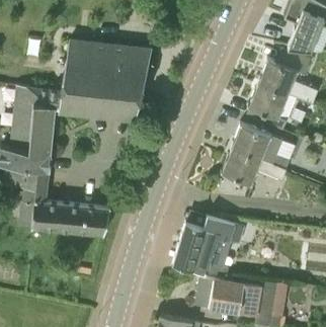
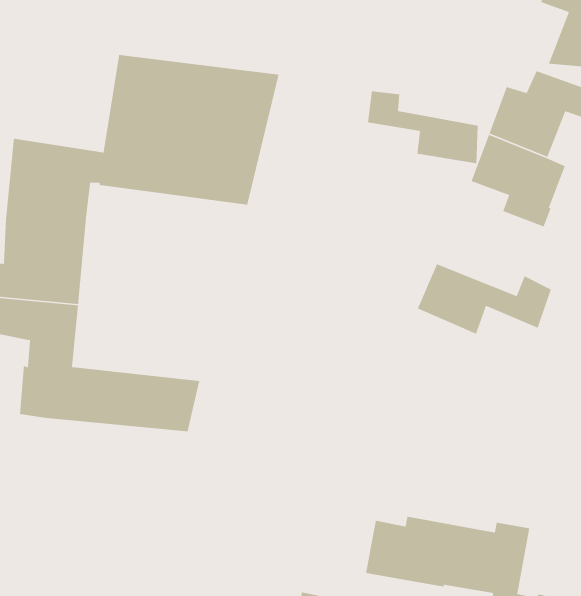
building: none -> [367,90,479,164]
building: [231,125,270,161] -> none
building: [172,217,246,278] -> none

